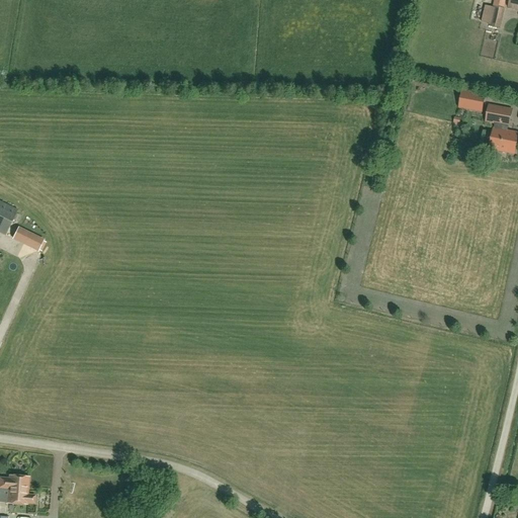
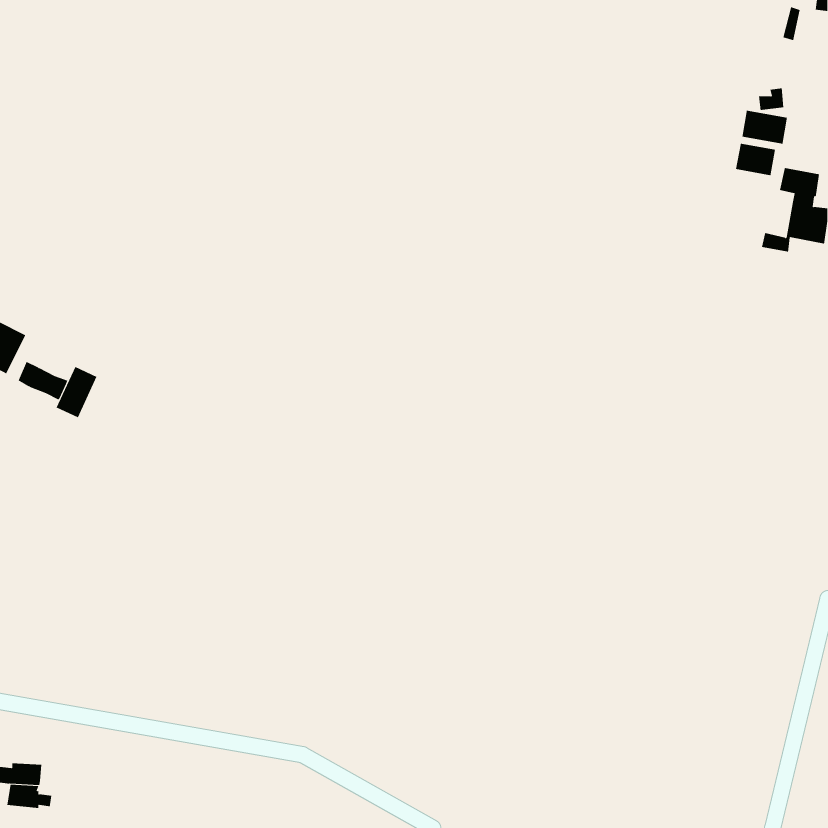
building: none -> [742,110,788,145]
building: none -> [56,366,97,418]

